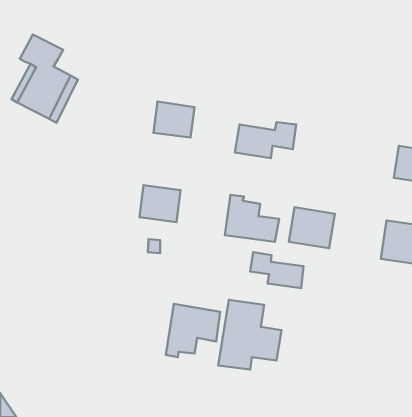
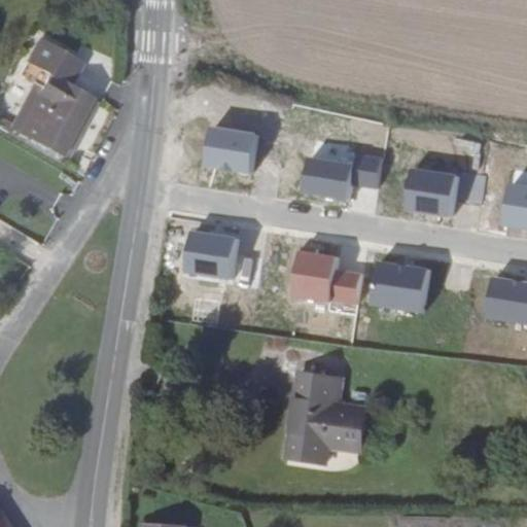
building: none -> [405,167,483,215]
building: [250,252,304,288] -> none
building: [166,304,220,357] -> none

